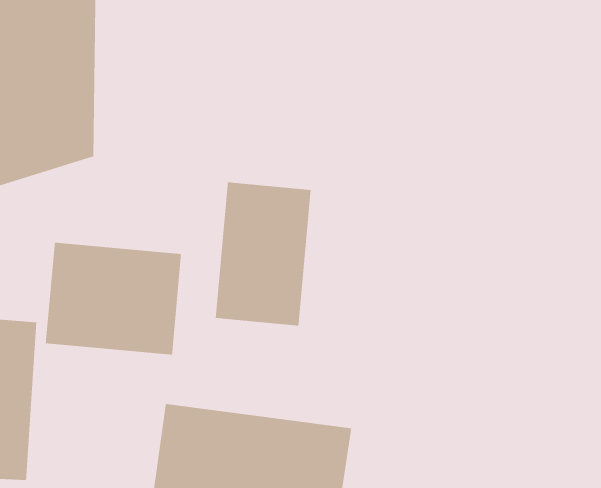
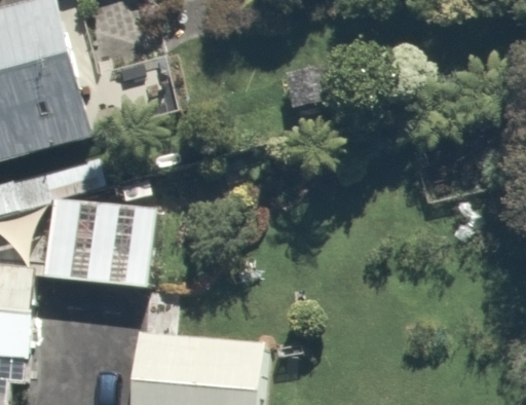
building: [215,181,312,326] -> none

